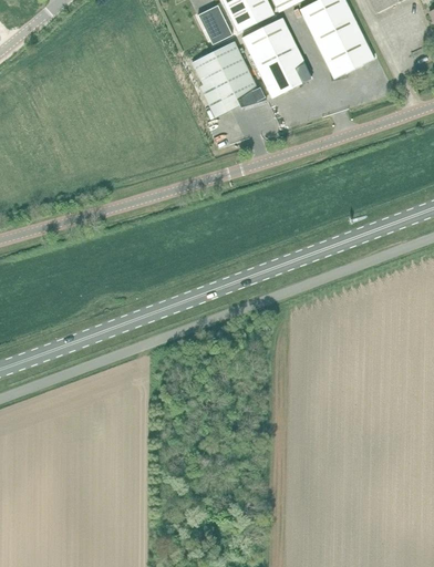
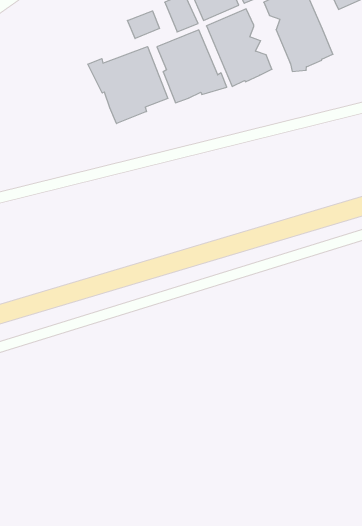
building: none -> [127,11,160,39]
building: none -> [88,47,168,124]

